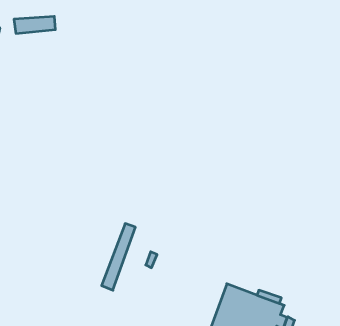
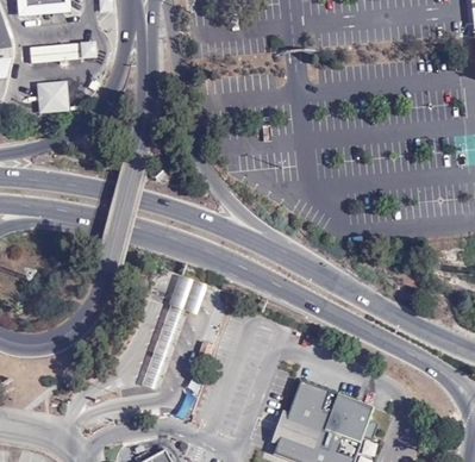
building: none -> [36,80,69,113]

